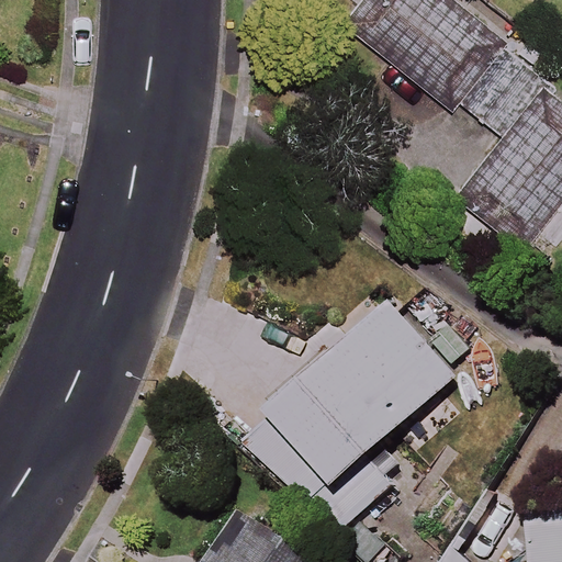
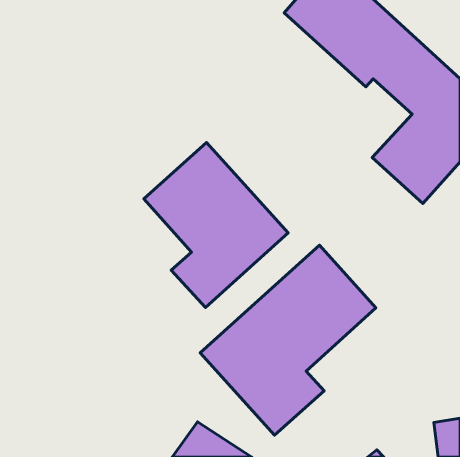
building: none -> [144,142,288,307]

